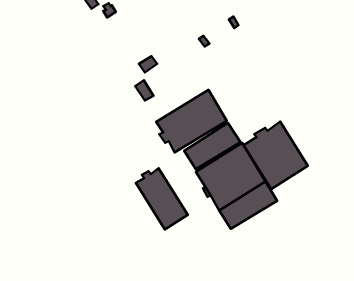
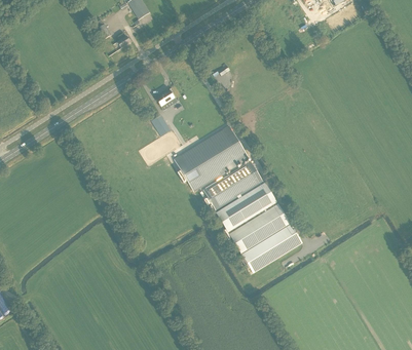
building: [244,122,308,189] -> none
building: [136,168,188,229] -> none

